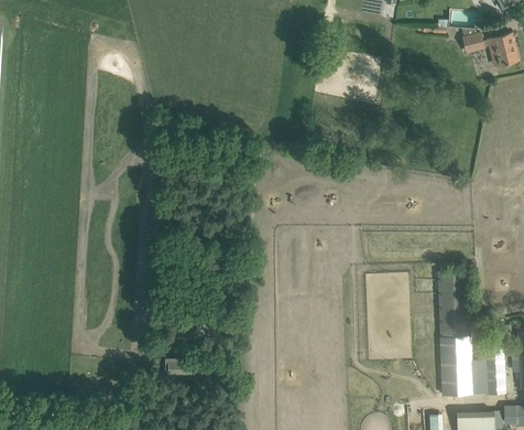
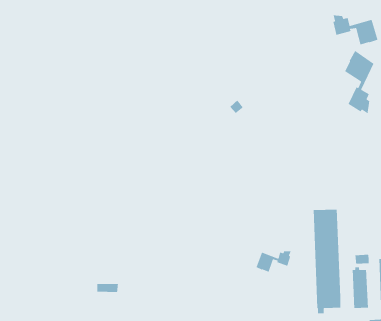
building: none -> [344,50,375,114]
building: none -> [255,251,292,273]

